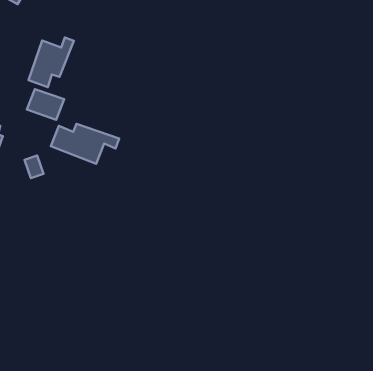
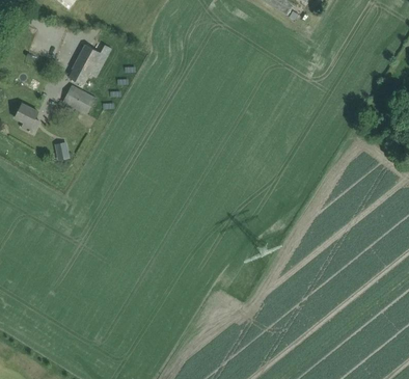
building: [51,124,119,164] -> none

